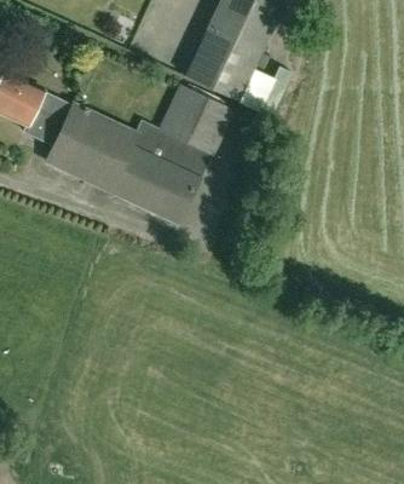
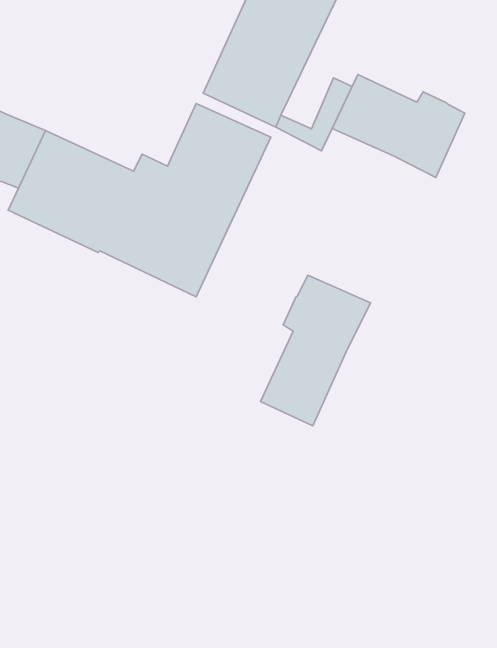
building: none -> [332,74,465,178]
building: none -> [261,275,370,426]

